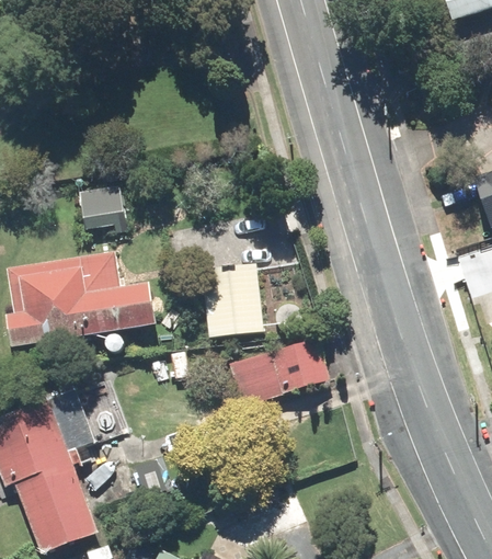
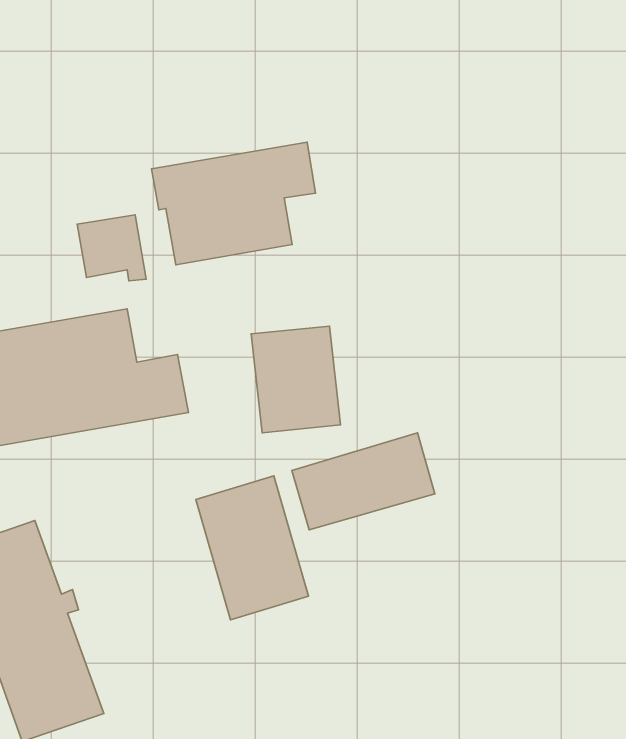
building: none -> [152,142,315,265]
building: none -> [196,476,309,620]

